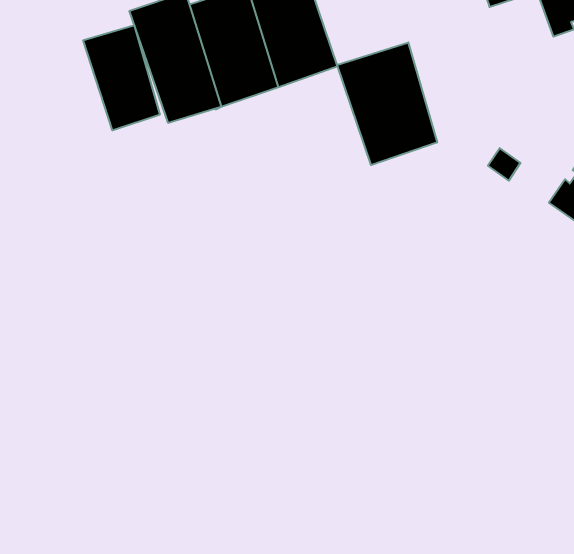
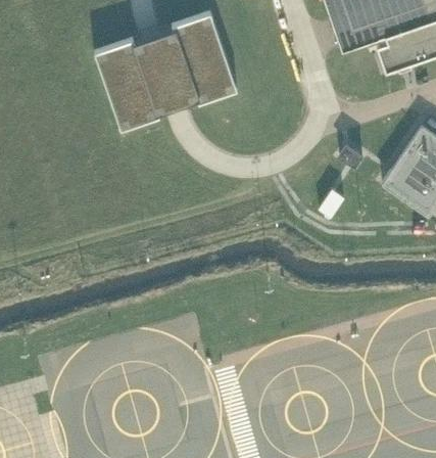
building: [83,25,160,130] -> none
building: [337,42,437,165] -> none

